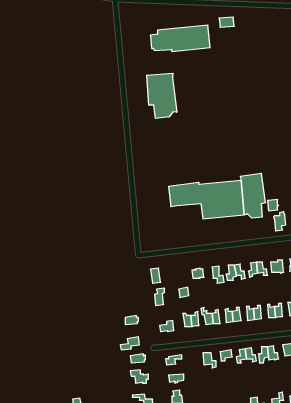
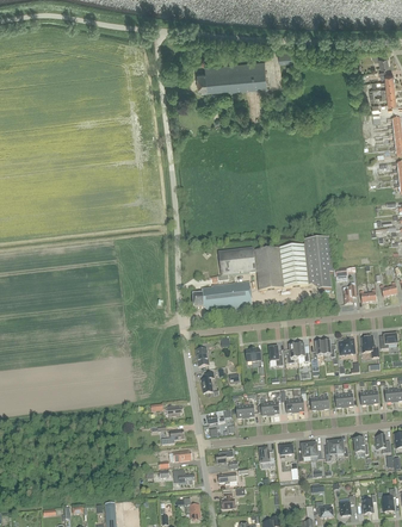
building: [147,73,177,118] -> none
building: none -> [192,281,252,312]

